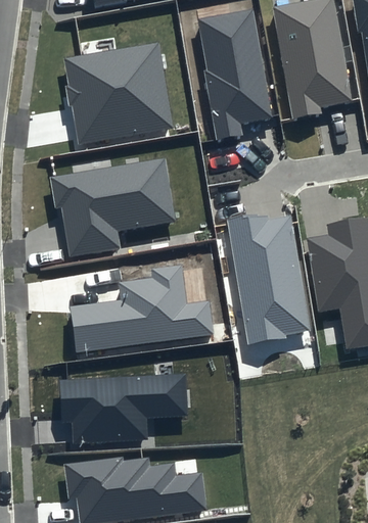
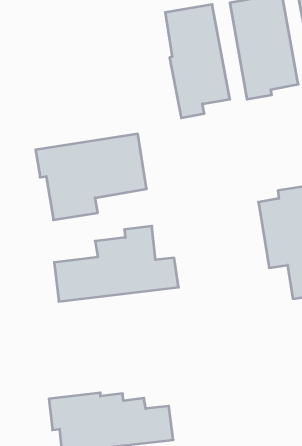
building: [64,42,174,144] -> none
building: [226,211,311,346] -> none
building: [59,373,188,443] -> none

